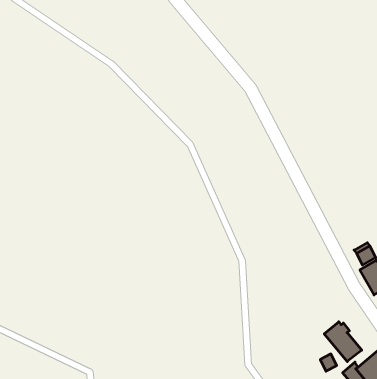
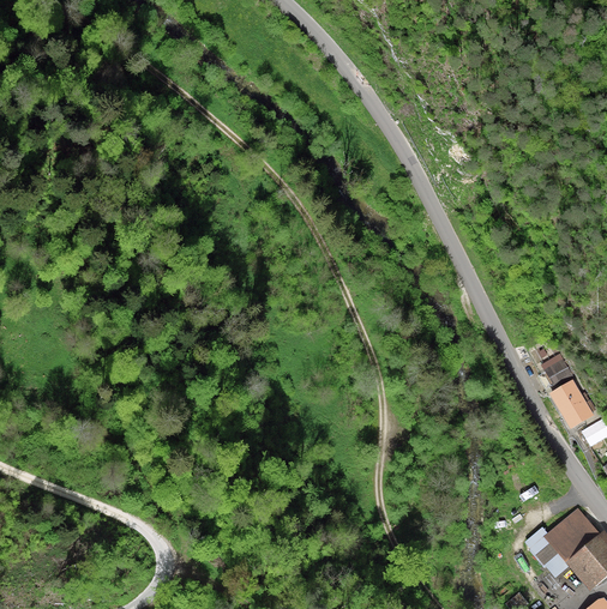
building: [324,322,362,362] -> none

